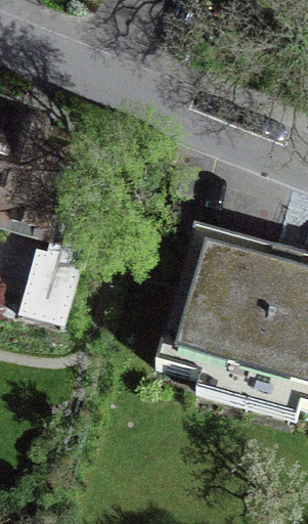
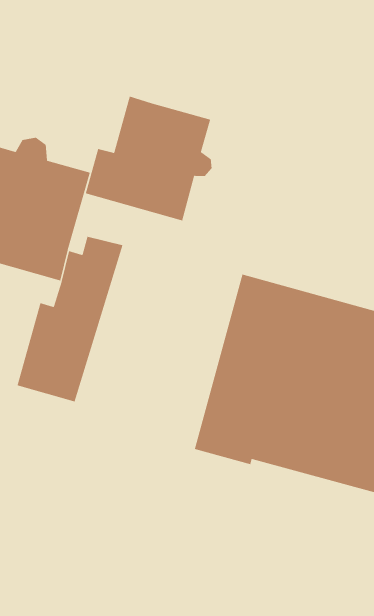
building: none -> [85,96,212,221]

